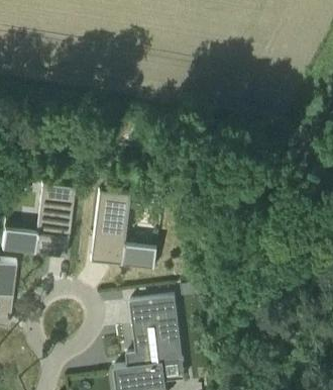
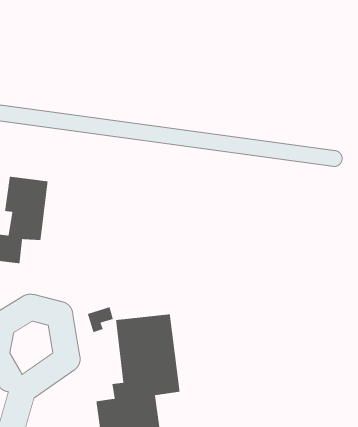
building: [97,191,160,271] -> none

